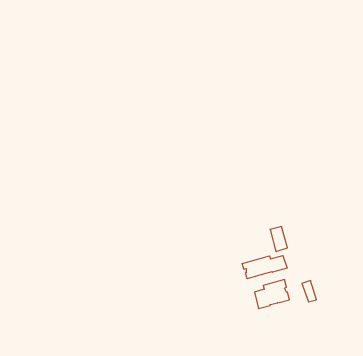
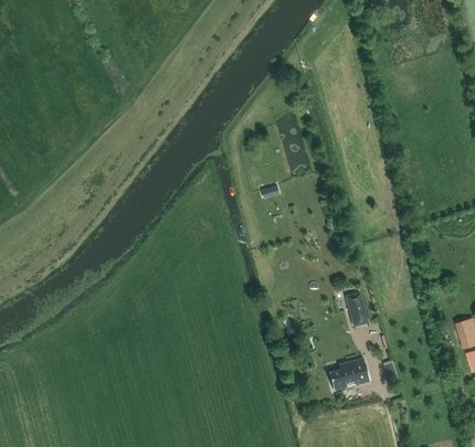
building: [242,256,287,279] -> none

